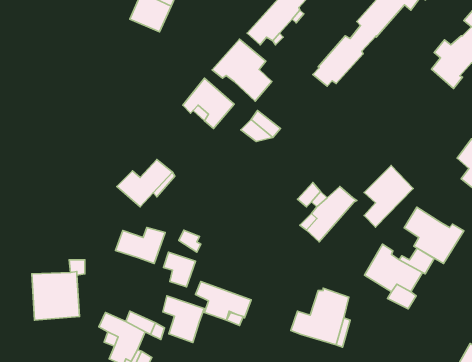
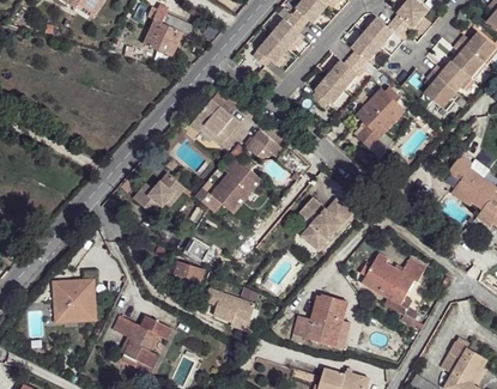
building: [212,39,272,101] -> none
building: none -> [211,159,261,213]
building: [364,165,413,227] -> [358,90,404,147]
building: [404,207,464,263] -> none
building: [115,227,165,263] -> none
building: [163,296,204,342] -> none

